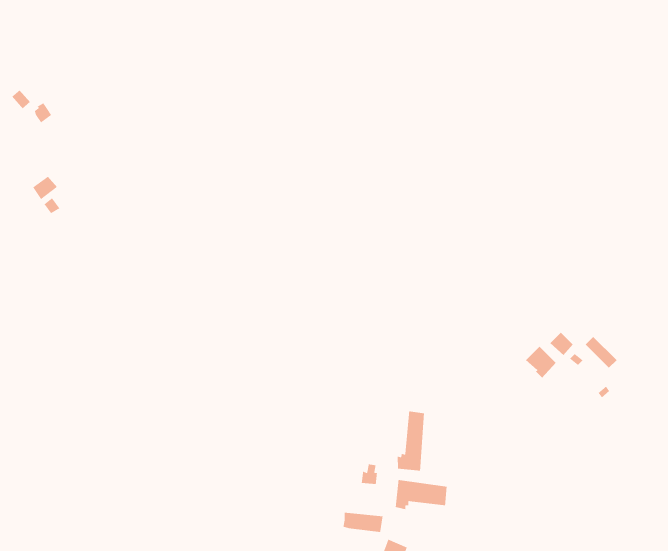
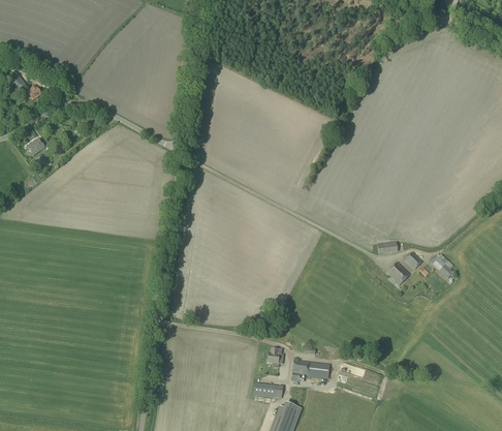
building: [397,410,425,472] -> none

